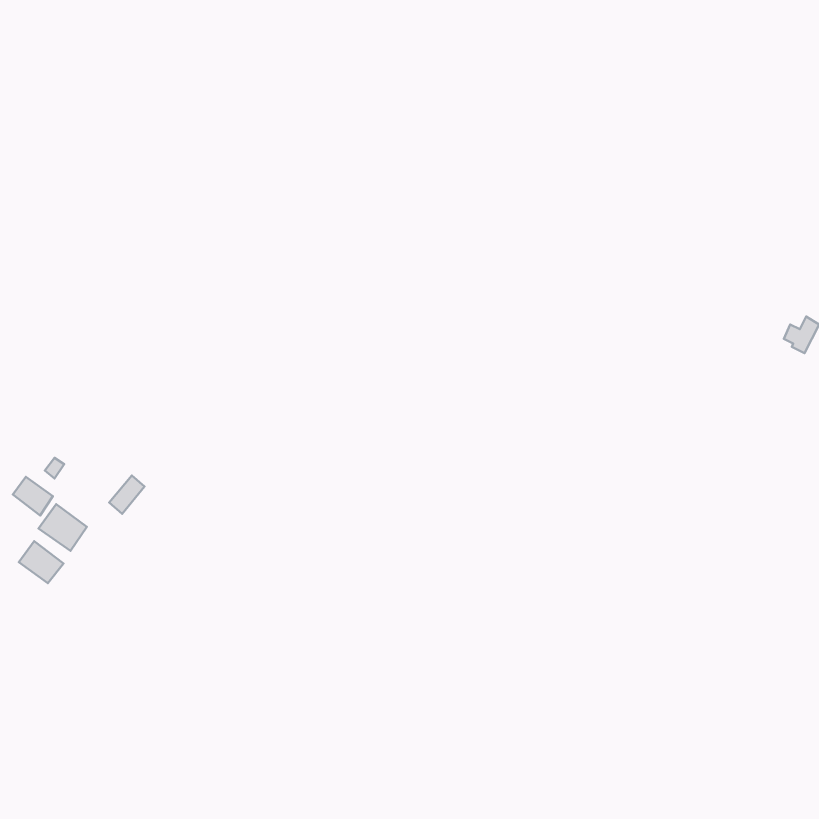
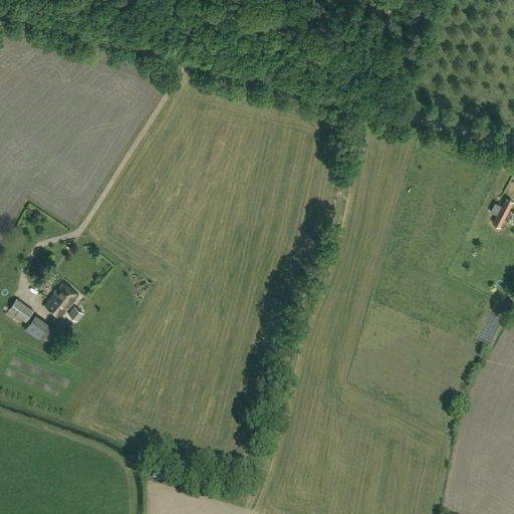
building: none -> [45,283,79,319]
building: [19,541,64,583] -> none

